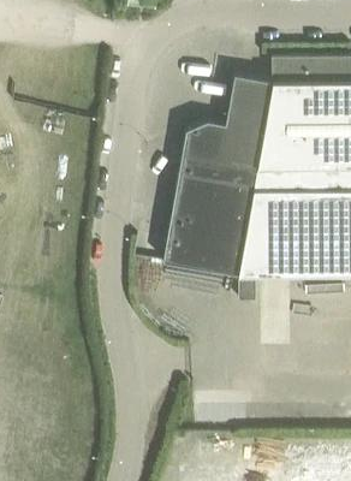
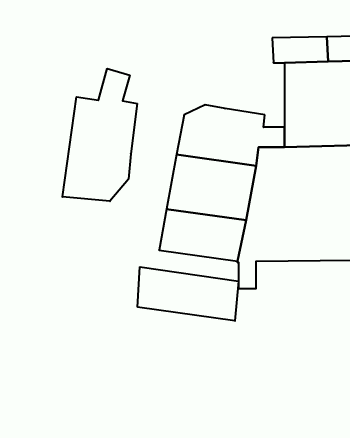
building: [228,78,286,148] -> none
building: none -> [62,69,137,201]
building: none -> [138,267,239,321]

